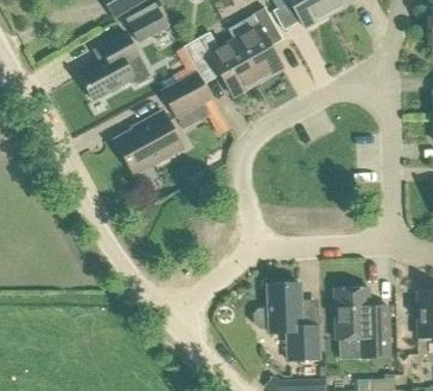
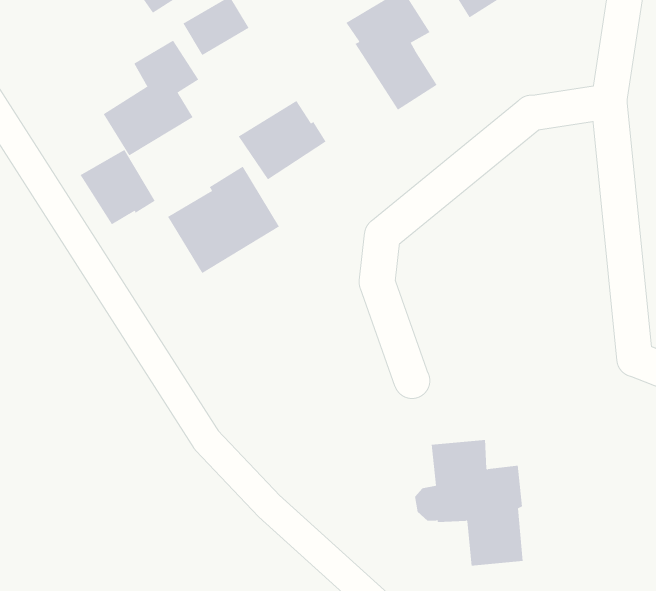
building: [184,31,257,95] -> none
building: none -> [80,149,156,225]
building: [333,287,389,355] -> none

